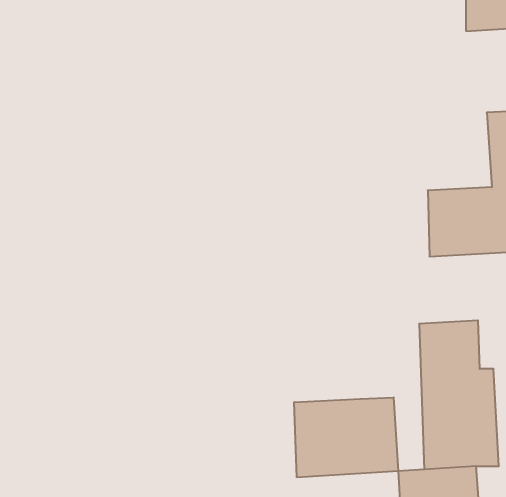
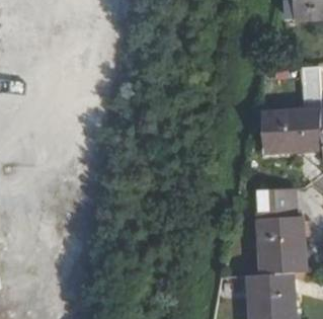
building: [294,397,398,477] -> none

